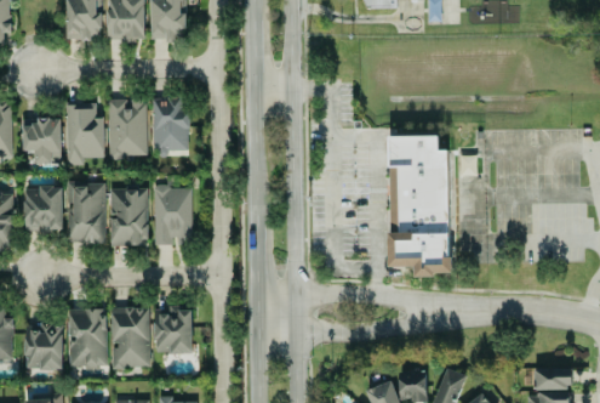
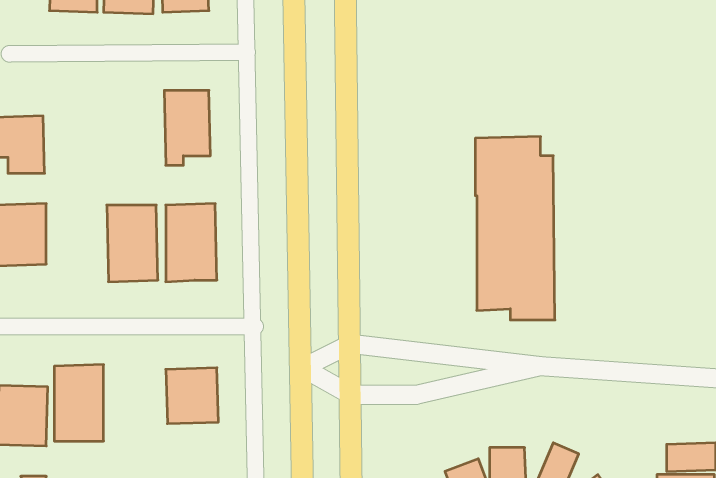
building: [107,98,147,158] -> none
building: [64,103,102,165] -> none
building: [70,183,105,244] -> none
building: [110,307,149,367] -> none

